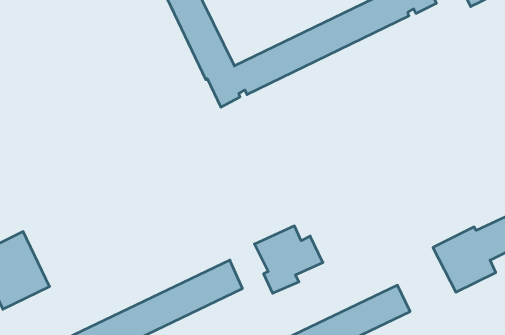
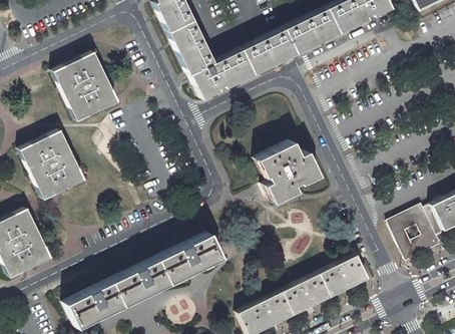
building: none -> [53,52,117,120]
building: none -> [20,131,84,200]
building: [254,226,323,293] -> [258,141,318,201]

